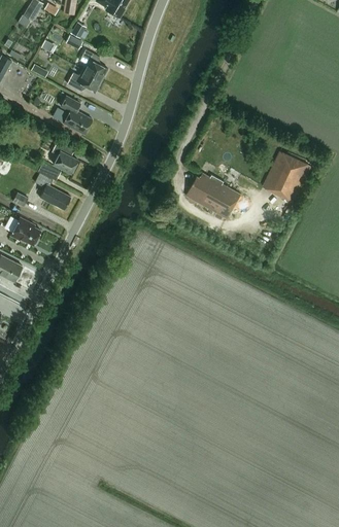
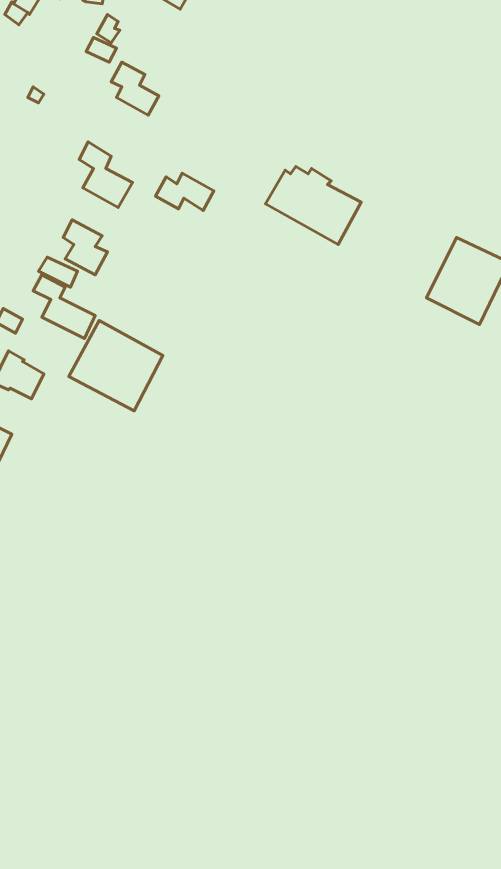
building: [67,70,101,92] -> [155,173,214,210]
building: [185,174,241,219] -> [266,167,361,245]
building: none -> [69,320,163,411]

